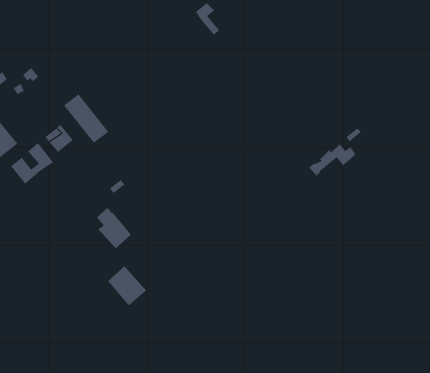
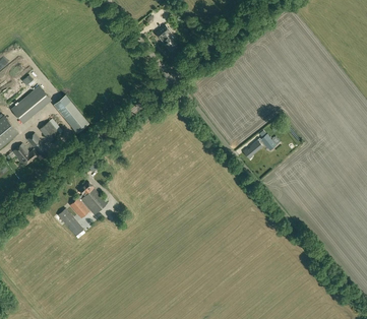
building: none -> [12,87,50,123]
building: [107,265,147,306] -> [57,202,87,234]

